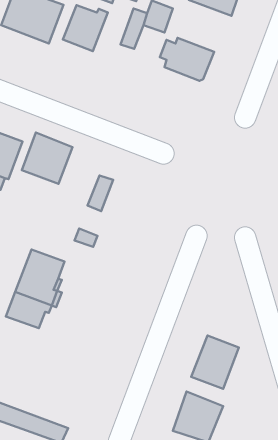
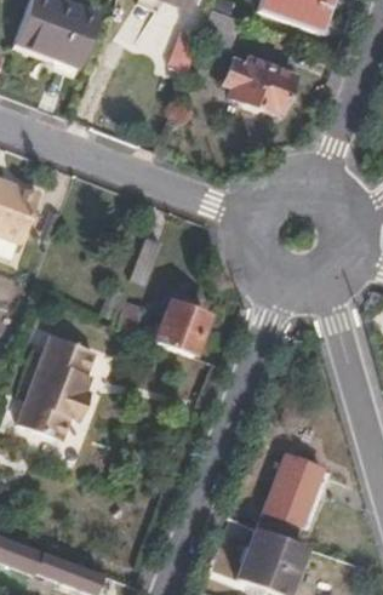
building: [63,5,108,51] -> none
building: [22,132,73,184] -> none
building: none -> [158,301,208,356]

